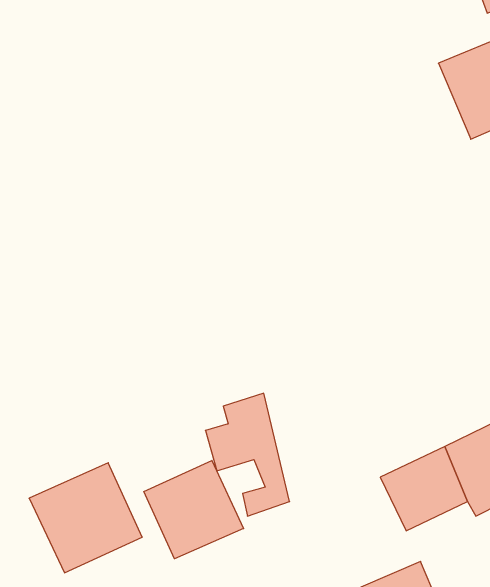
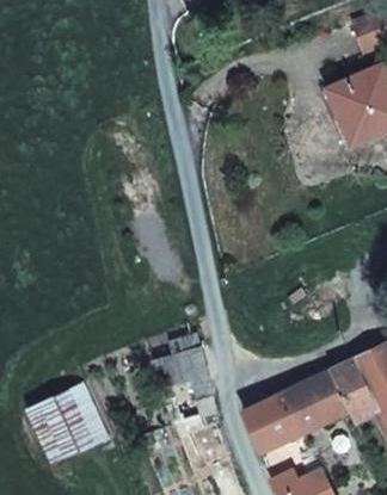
building: [144,460,244,559] -> none
building: none -> [244,392,303,452]

